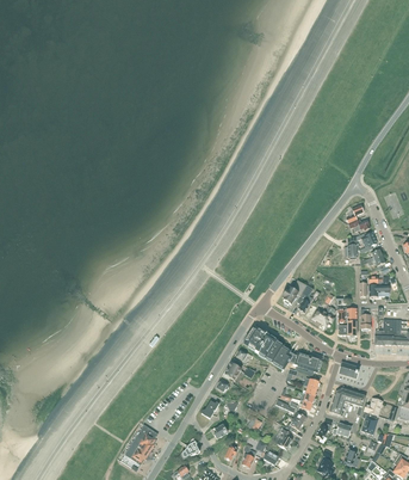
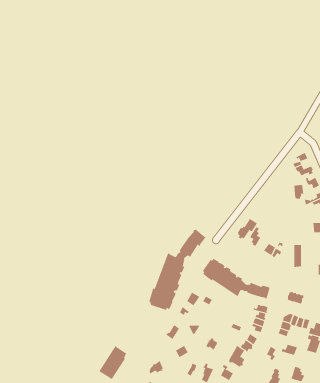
building: none -> [148,228,206,310]

